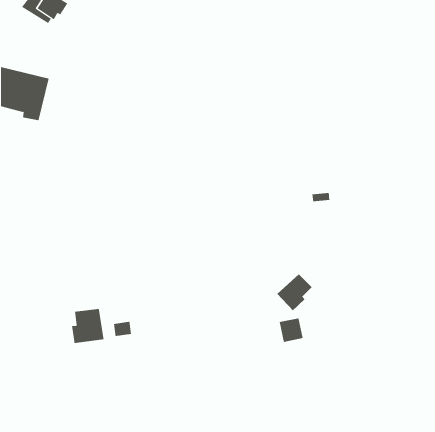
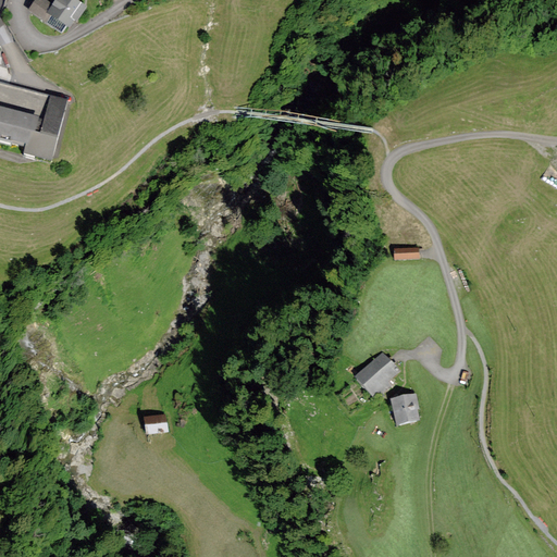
building: [71,308,104,344] -> none
building: [279,318,304,342] -> [391,392,422,423]

